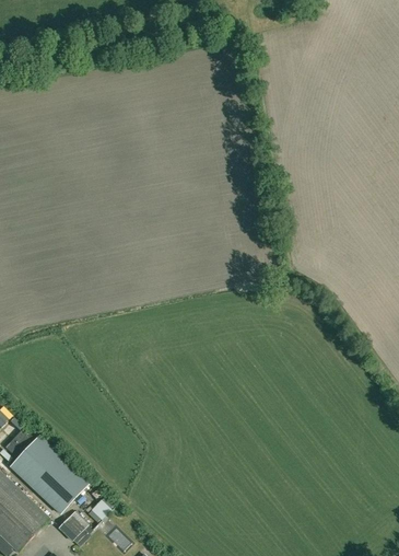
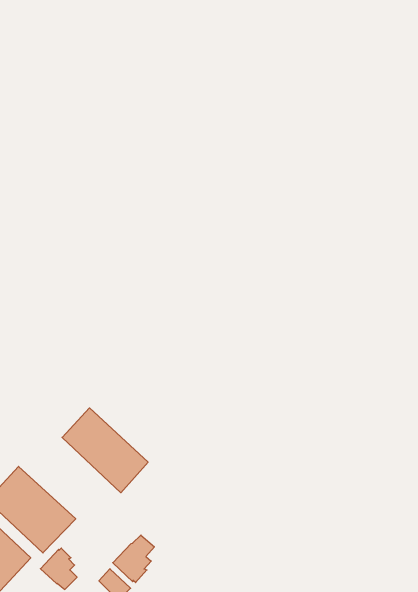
building: none -> [62,408,148,493]
building: none -> [113,535,154,583]

